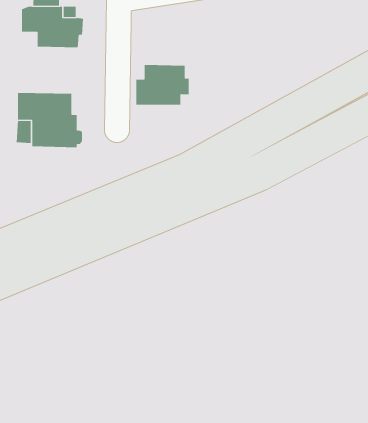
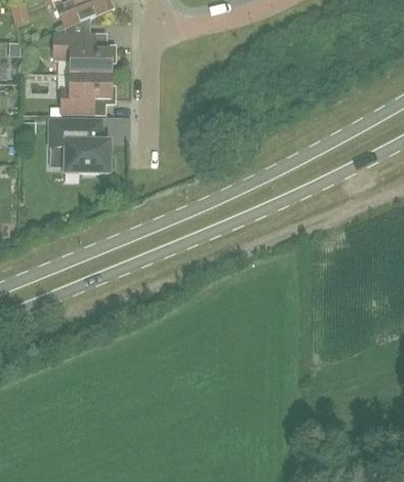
building: [135,65,190,105] -> [60,73,114,113]

